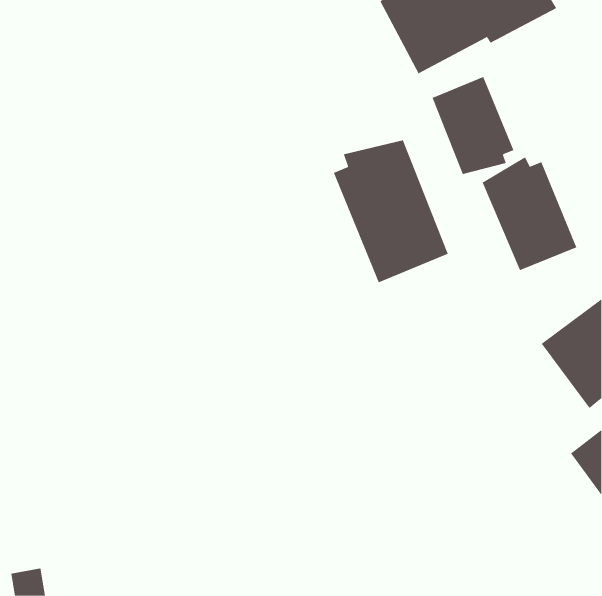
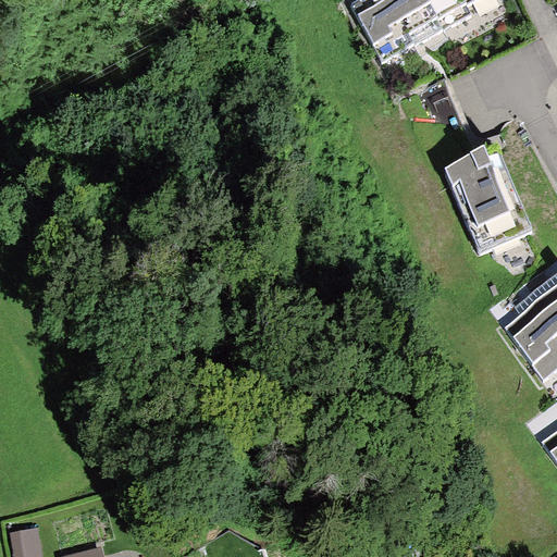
building: [432,76,514,175] -> none
building: [333,139,449,283] -> none

